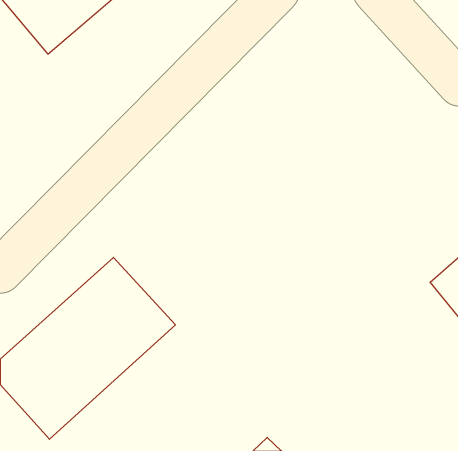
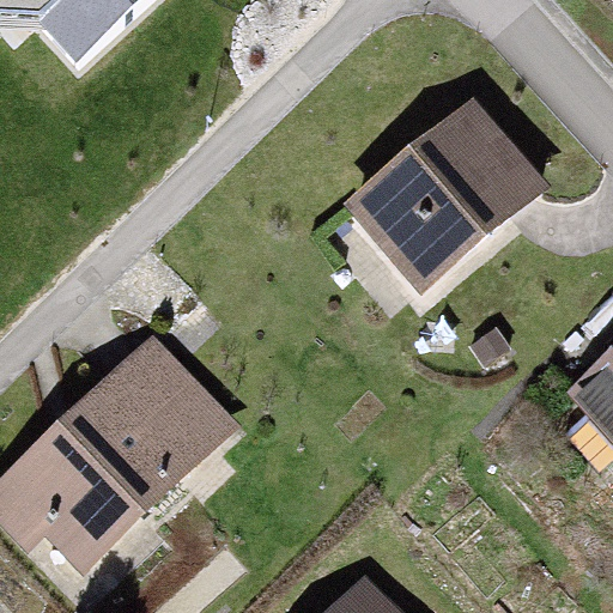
building: none -> [348,95,544,285]

